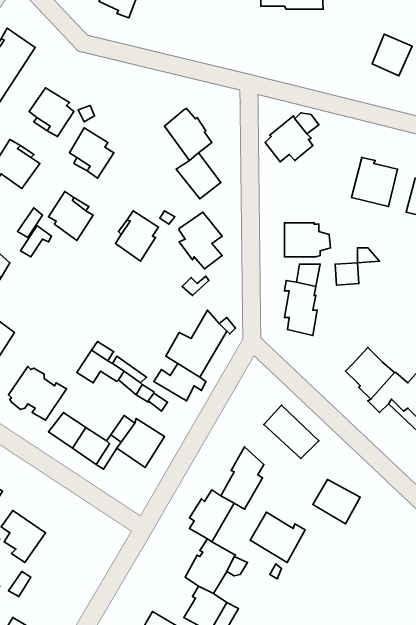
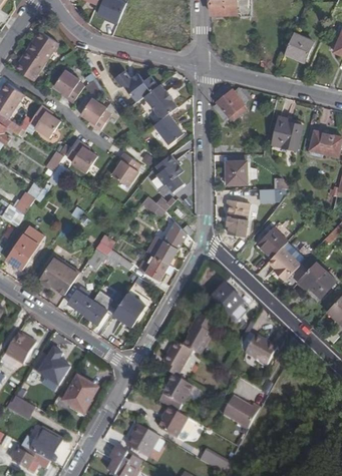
building: none -> [114,69,157,101]
building: none -> [257,226,287,257]
building: [250,512,305,563] -> [222,394,259,428]
building: none -> [63,376,96,411]

